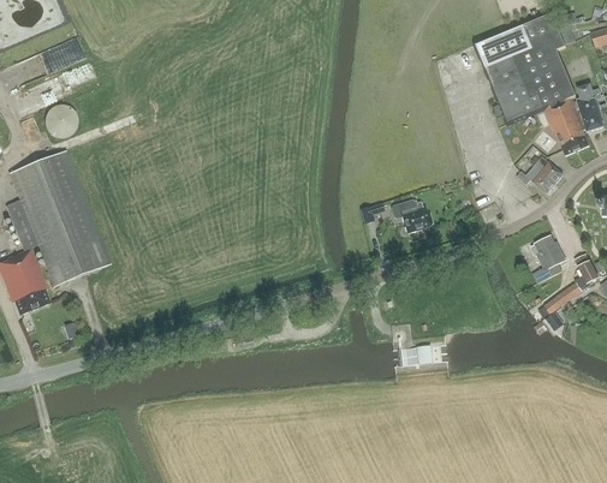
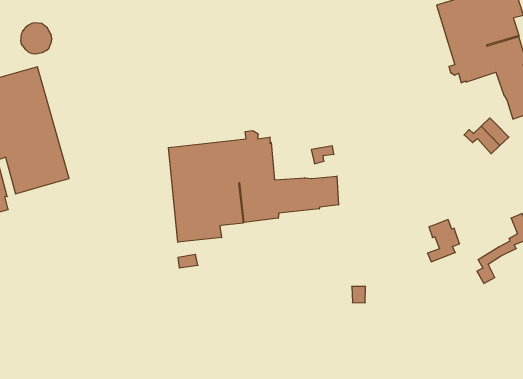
building: none -> [168,131,338,242]
building: [392,199,433,232] -> none
building: [531,235,565,281] -> [427,220,460,262]

